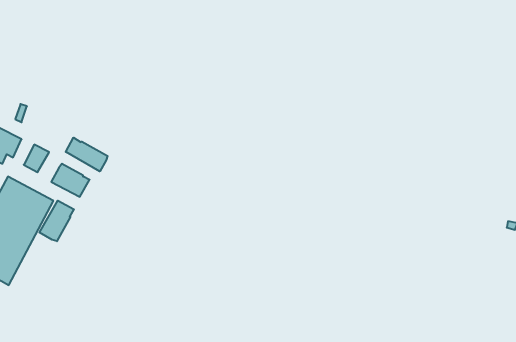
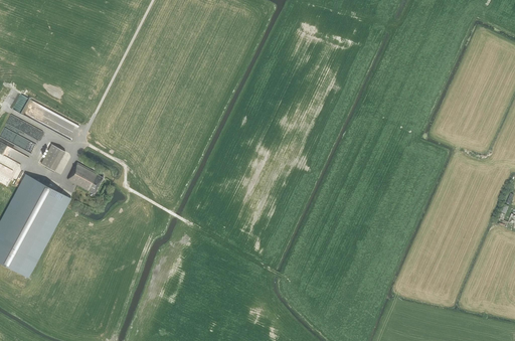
building: [66,138,108,171] -> none
building: [39,201,74,241] -> none

